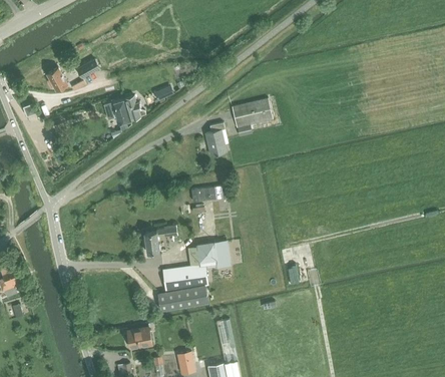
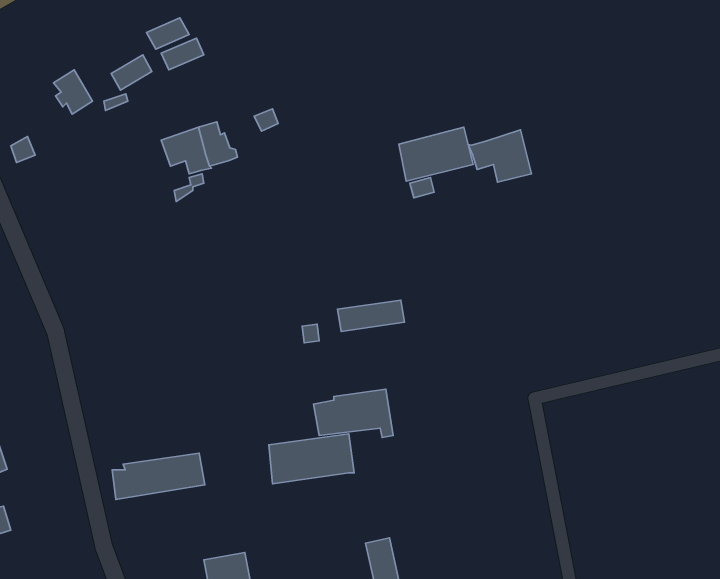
building: none -> [468,130,532,182]
building: [205,124,233,152] -> none
building: [144,224,177,254] -> none
building: [158,285,208,310] -> [112,453,205,500]

